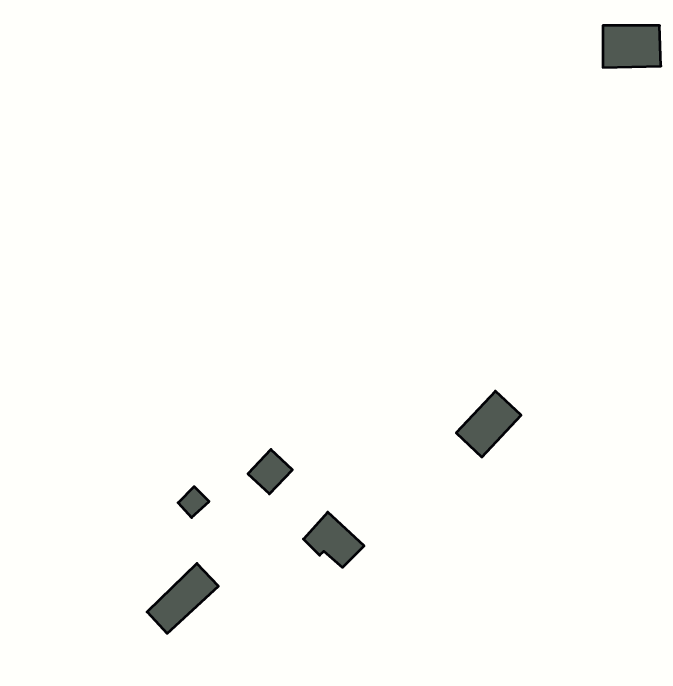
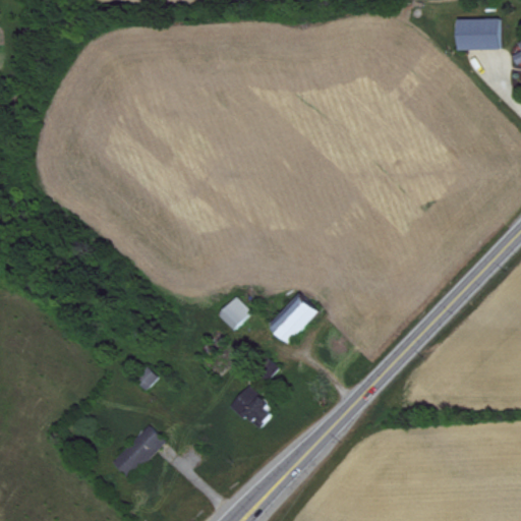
building: [456,391,521,457] -> [270,293,319,343]
building: [248,449,292,494] -> [217,297,250,331]

